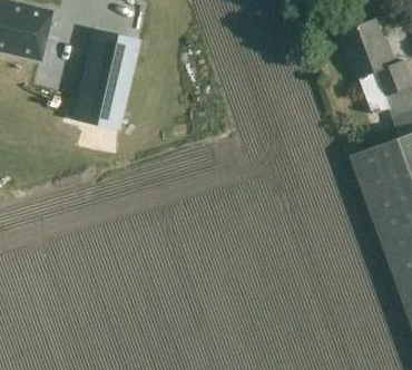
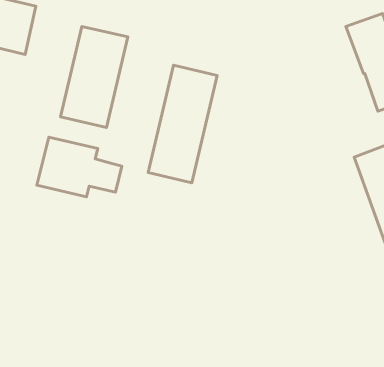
building: none -> [148,65,217,183]
building: none -> [37,137,122,197]

